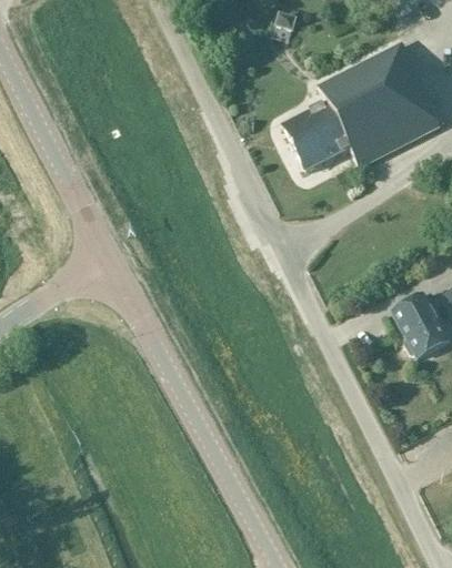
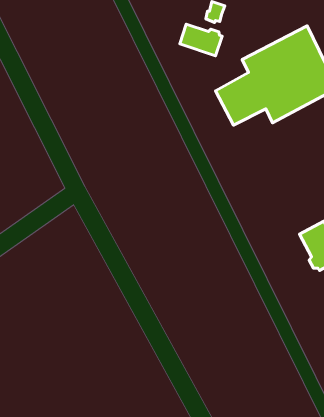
building: none -> [180,24,222,56]

